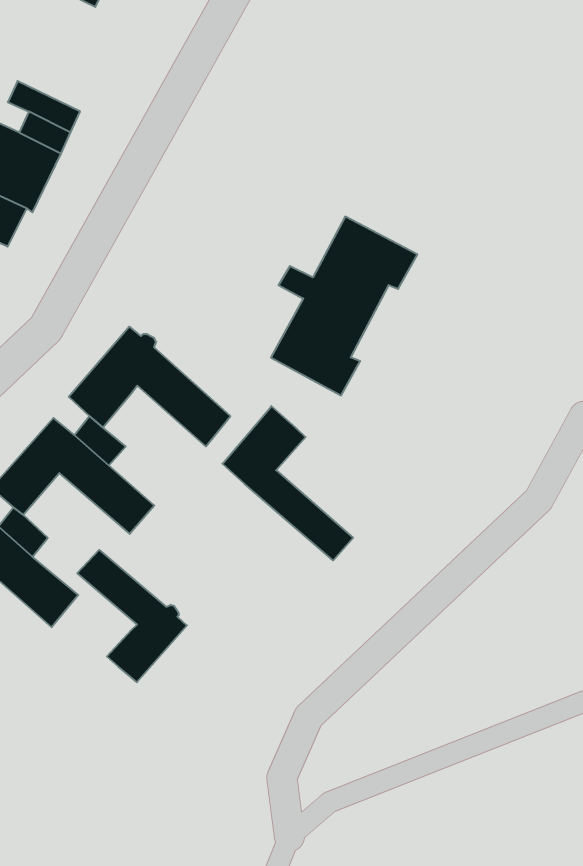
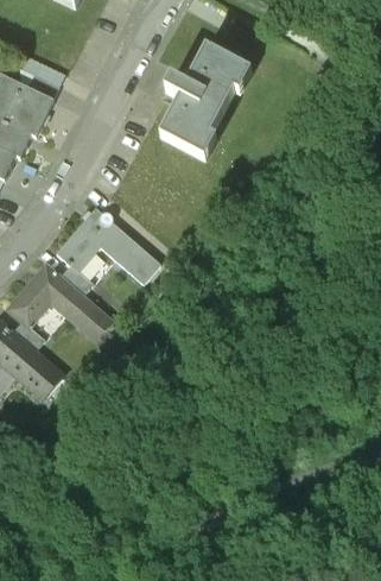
building: [271,217,417,395] -> [159,46,250,158]
building: [222,406,353,560] -> none
building: [77,550,187,682] -> none

